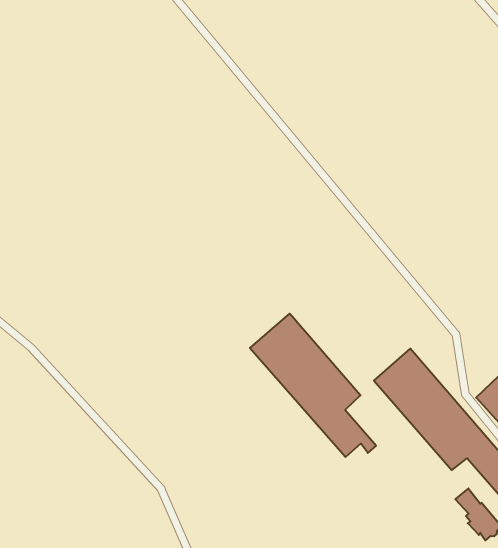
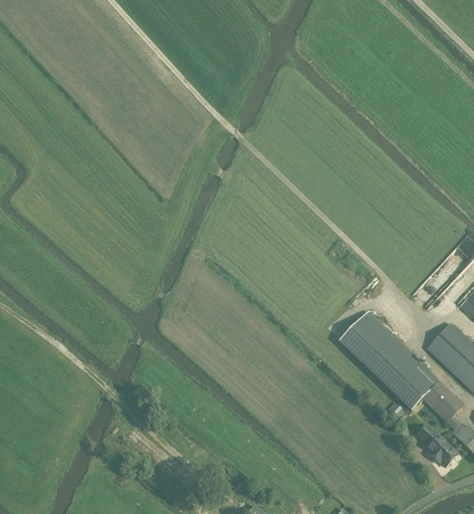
building: [250,314,376,457] -> none

